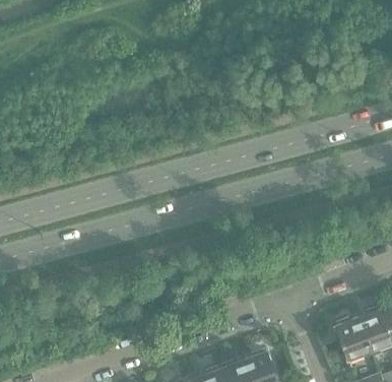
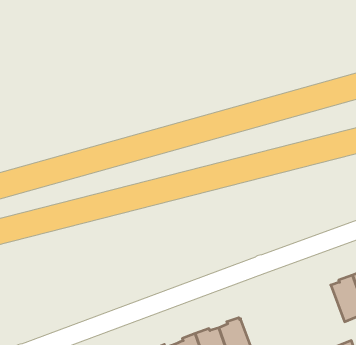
building: [335,315,373,362] -> none

